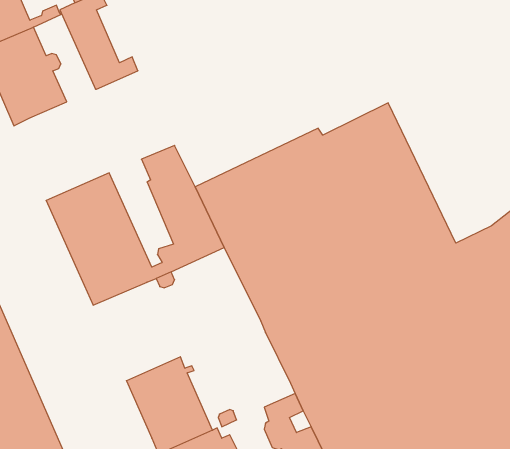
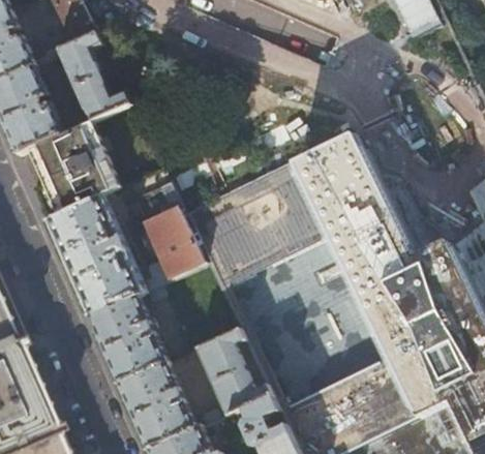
building: none -> [33,123,123,223]
building: none -> [90,297,169,386]
building: none -> [199,332,272,417]

